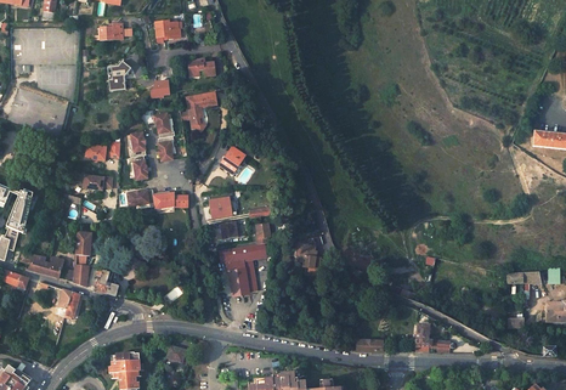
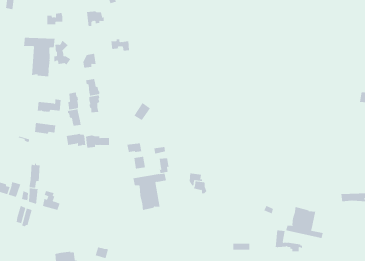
building: none -> [24,37,55,77]
building: [186,90,216,128] -> none
building: none -> [285,206,324,239]

